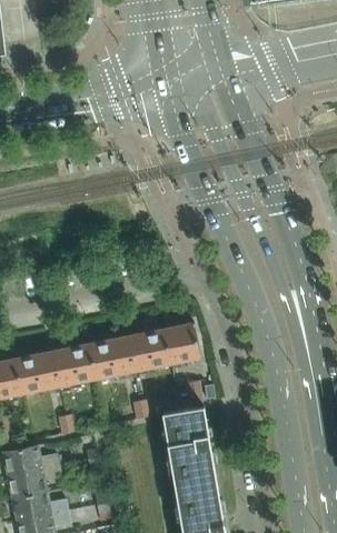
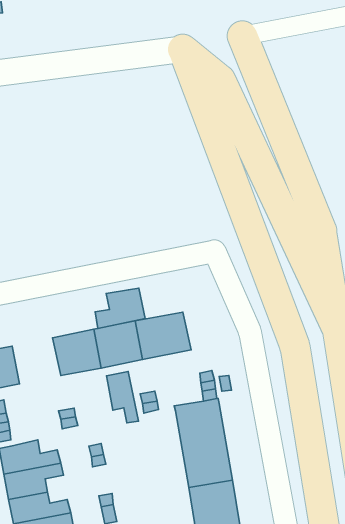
building: none -> [95,288,145,328]
building: [170,322,200,362] -> none
building: [14,351,59,393] -> none
building: none -> [107,372,138,423]

